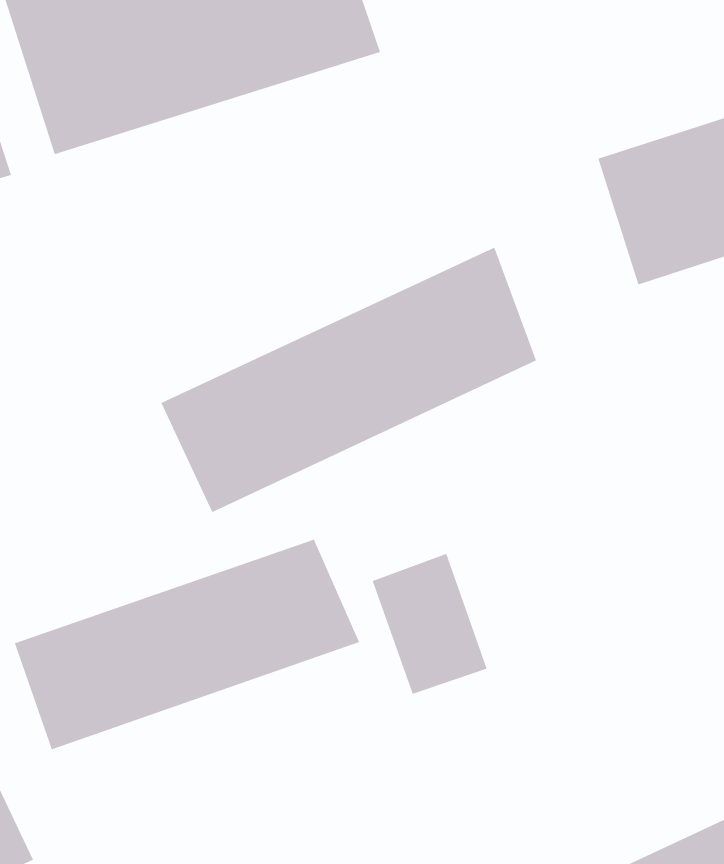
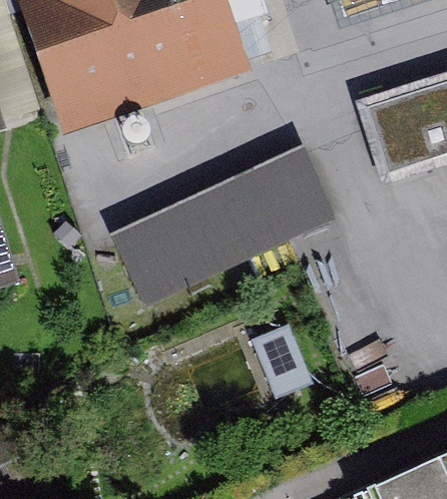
building: [14,539,360,750] -> none

